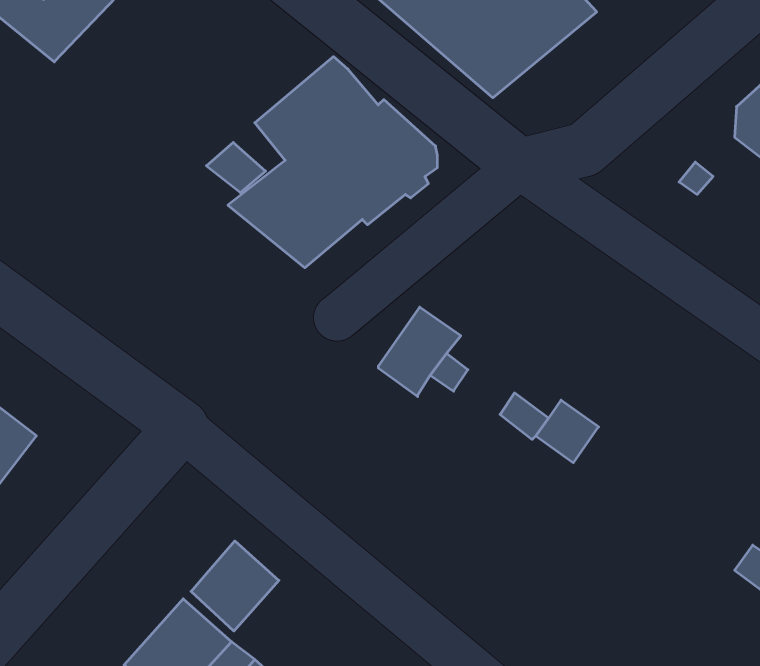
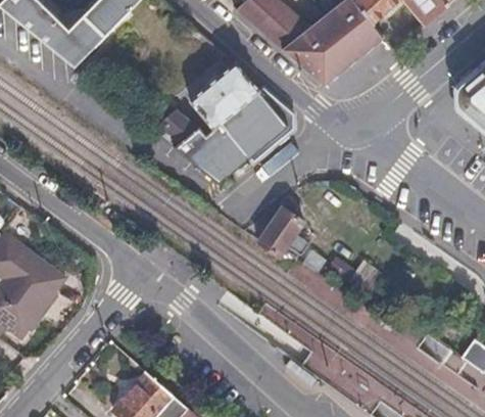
building: [191,541,279,631] -> none

